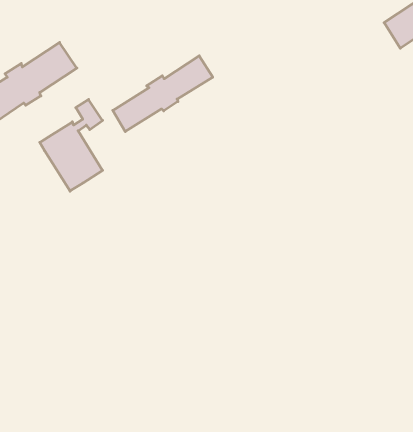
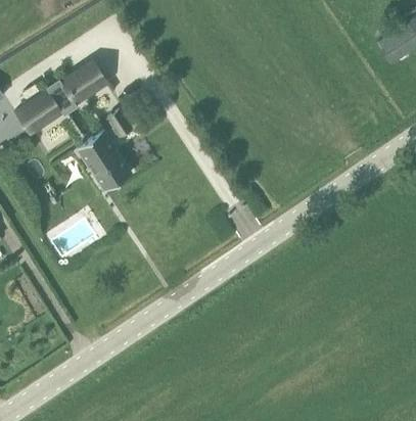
building: [113,56,213,132] -> none

